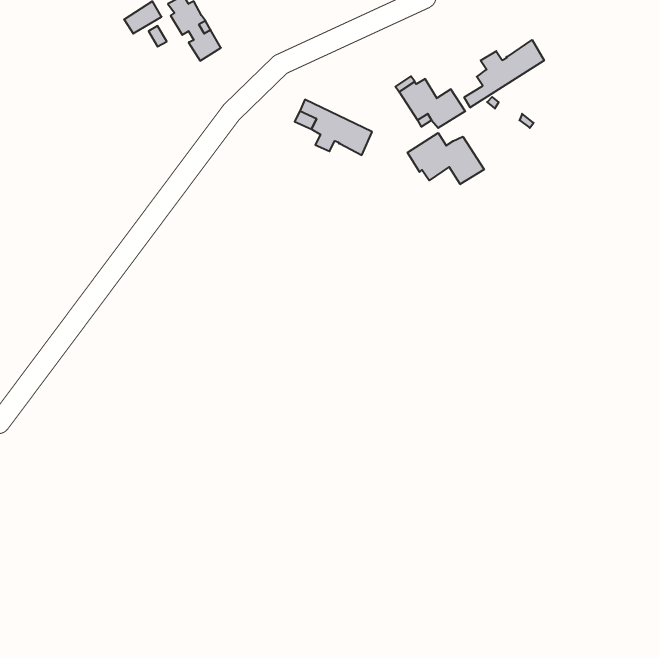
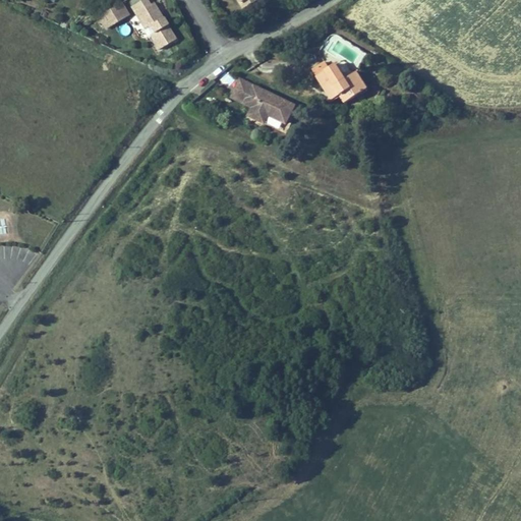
building: [464,40,544,108] -> none
building: [408,133,484,184] -> none

